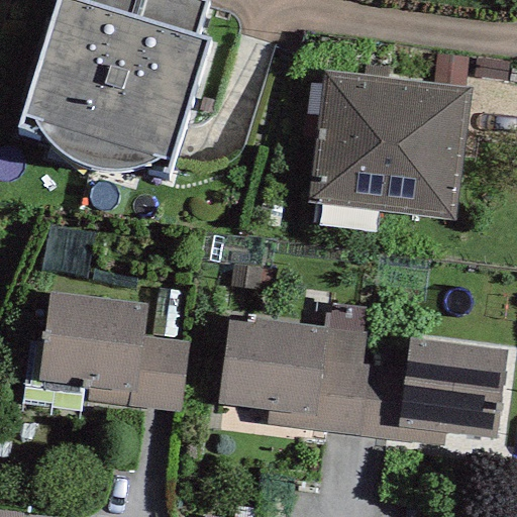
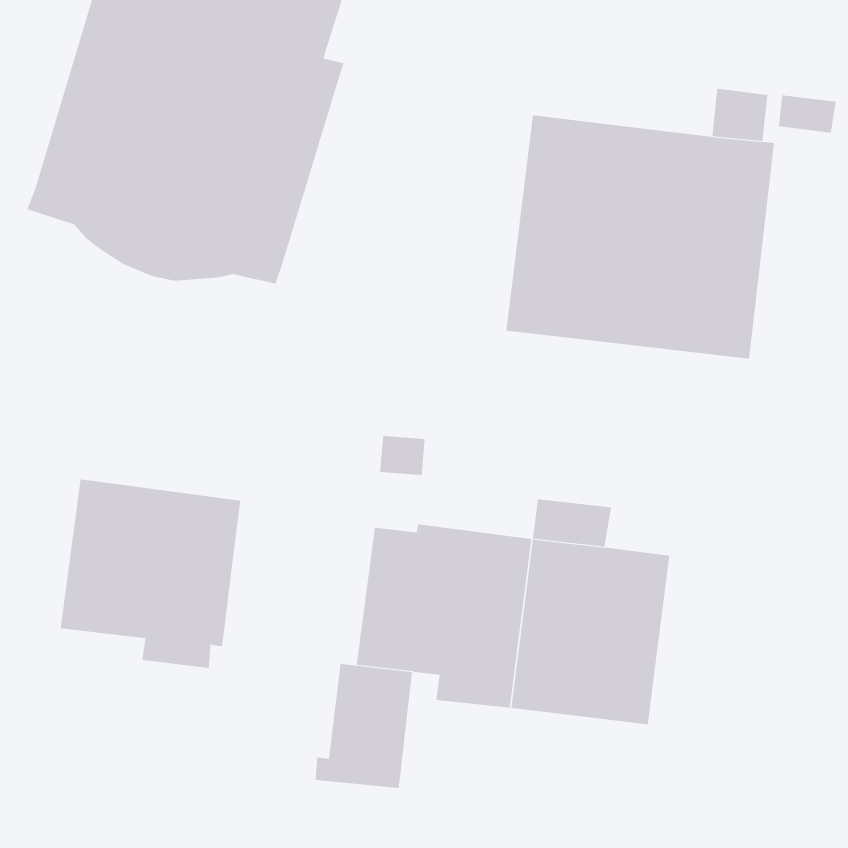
building: [128,335,188,411] -> [315,664,413,788]
building: [395,337,508,447] -> none

